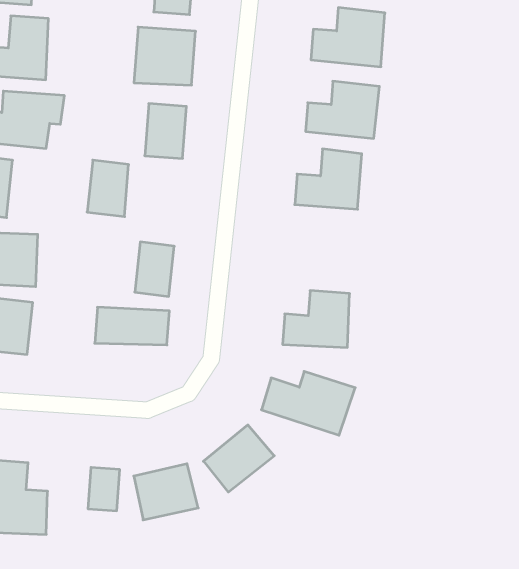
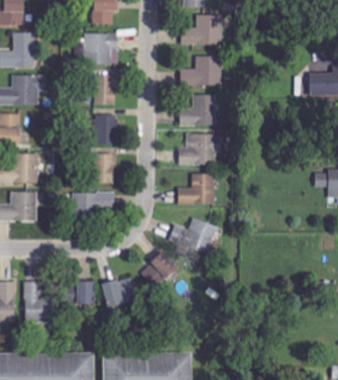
building: [87,160,129,217] -> [94,114,115,145]
building: none -> [178,133,220,165]

